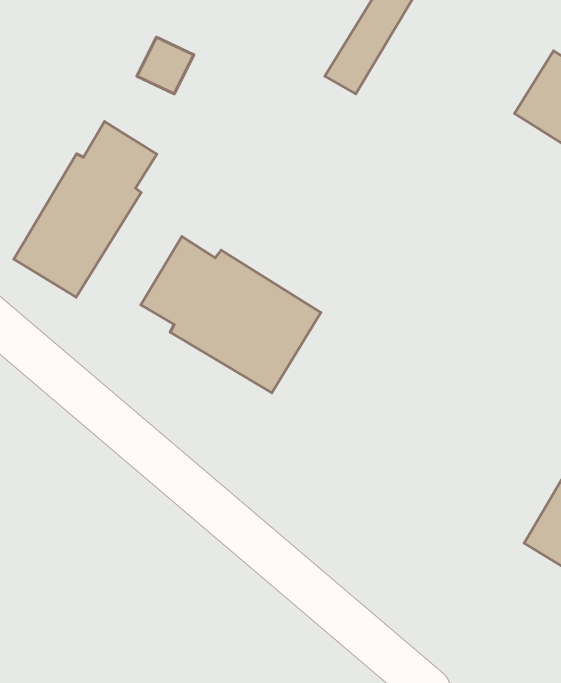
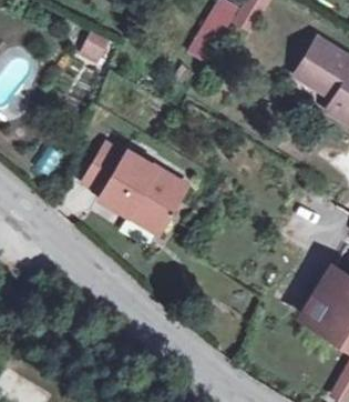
building: [14,121,157,297] -> none

